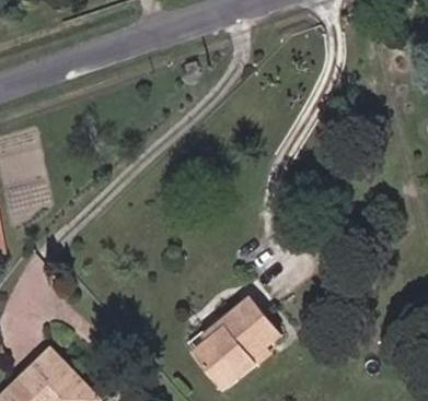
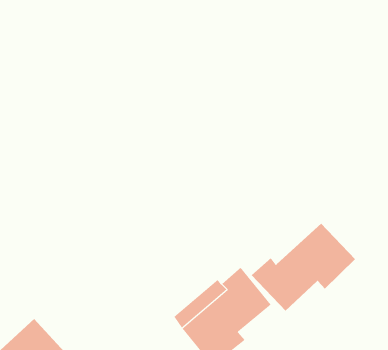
building: none -> [251,223,356,312]

